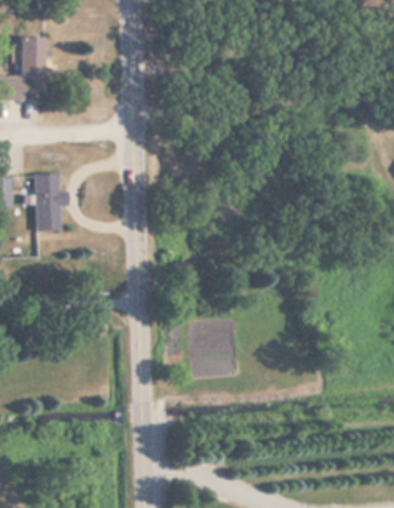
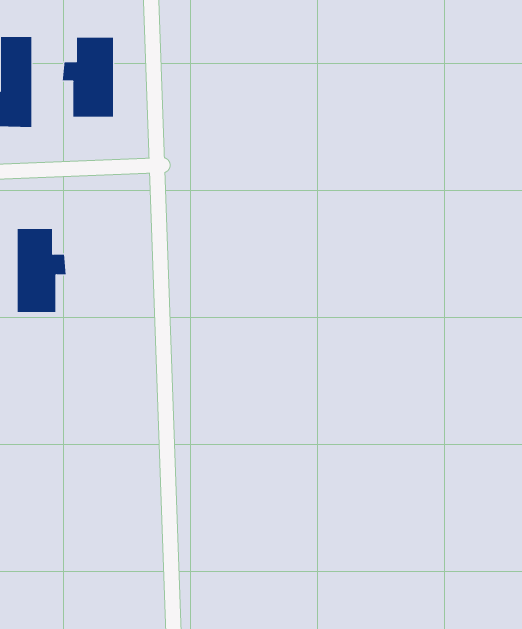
building: none -> [62,37,114,118]

